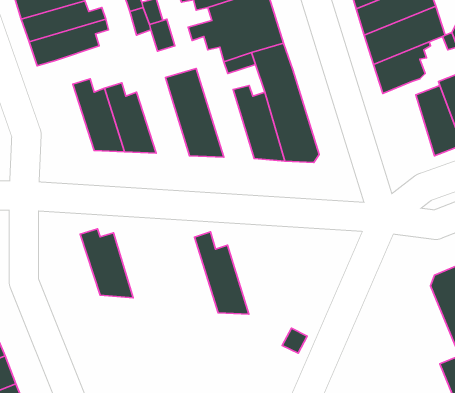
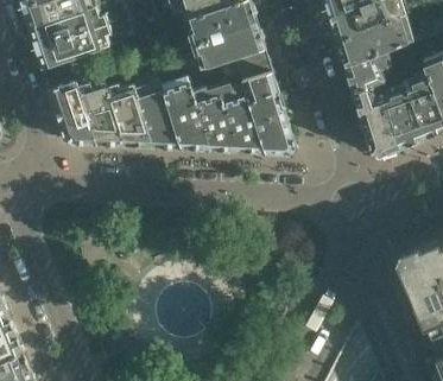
building: none -> [42,62,93,142]
building: none -> [352,81,398,155]
building: [80,229,133,298] -> [131,85,178,147]
building: [194,232,249,314] -> [188,76,236,150]

